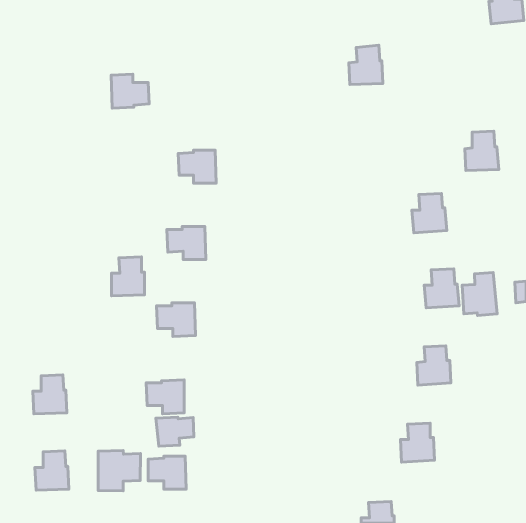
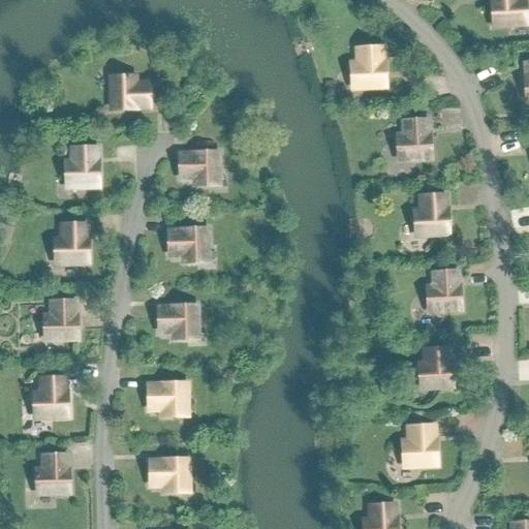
building: [465,131,499,170] -> [397,118,431,157]
building: none -> [65,146,98,184]
building: [112,257,144,296] -> [55,222,88,261]
building: [462,272,497,315] -> none
building: none -> [43,299,77,338]
building: [156,417,194,446] -> none
building: [98,450,140,491] -> none

